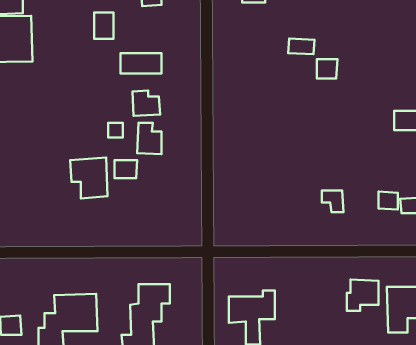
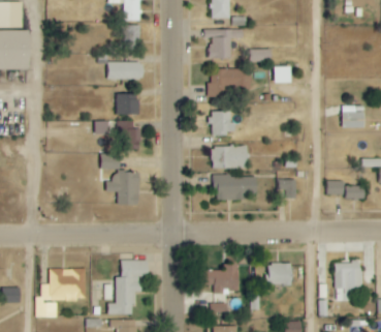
building: [94,12,114,39] -> [124,25,140,48]
building: none -> [208,29,243,59]
building: none -> [209,68,248,97]
building: none -> [211,111,236,134]
building: none -> [213,146,249,169]
building: [70,158,108,199] -> [108,171,140,206]
building: none -> [215,175,258,200]
building: [347,280,378,311] -> [265,263,292,290]

